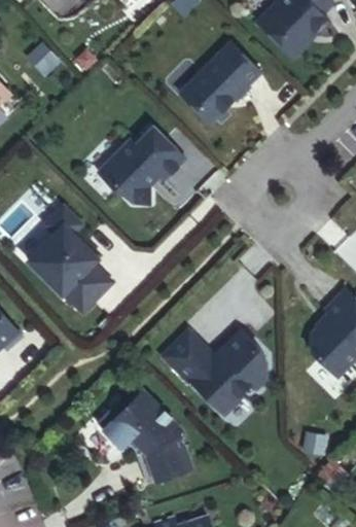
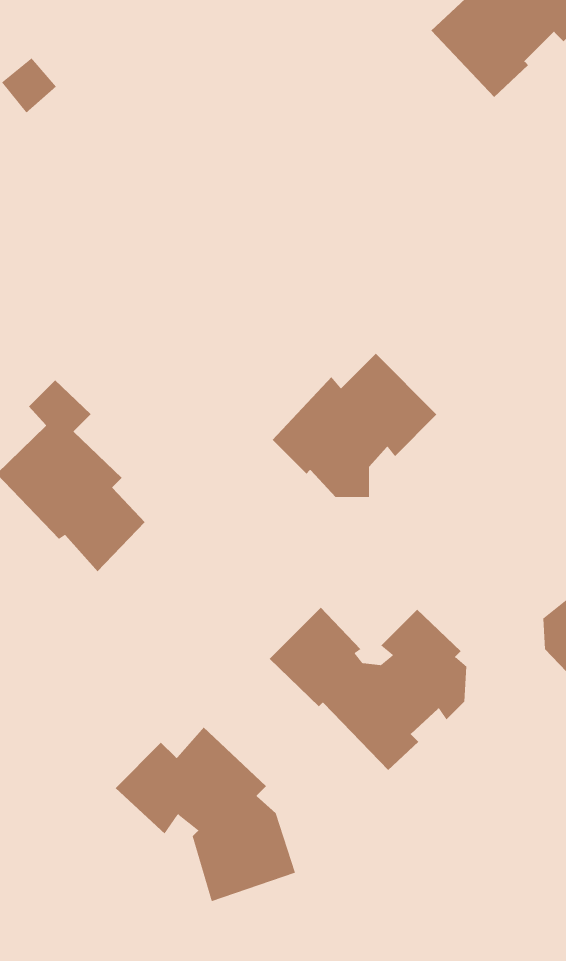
building: [185,40,265,124] -> none
building: [101,121,189,199] -> [272,353,437,498]

